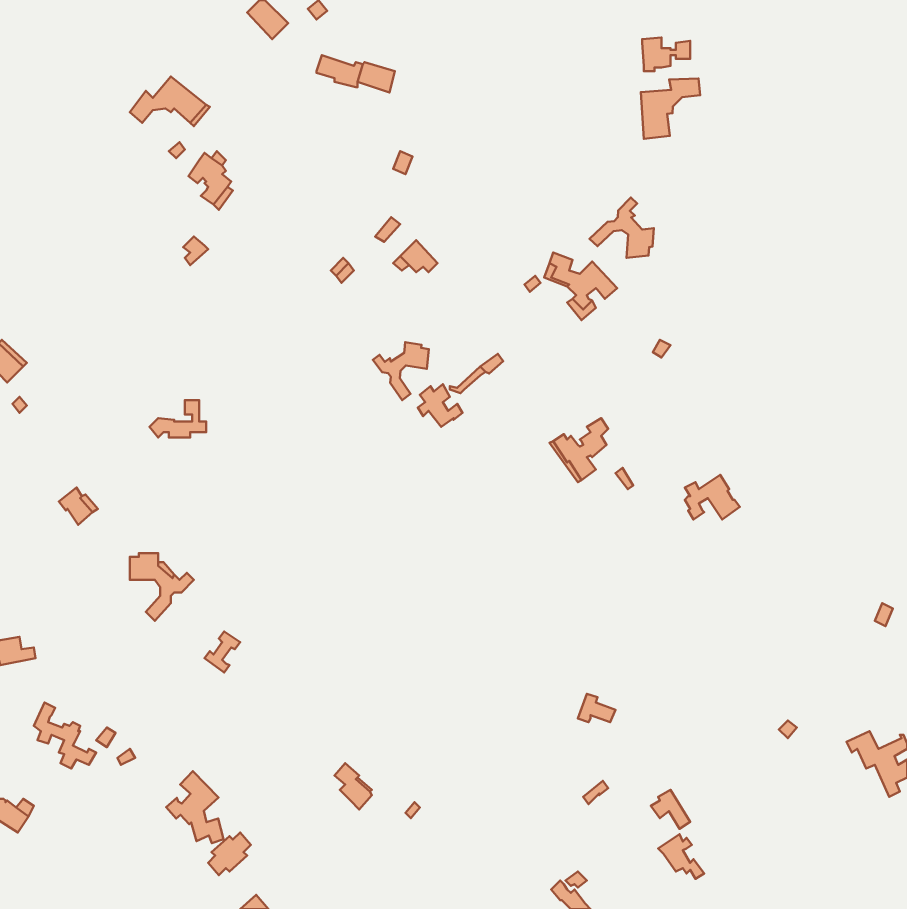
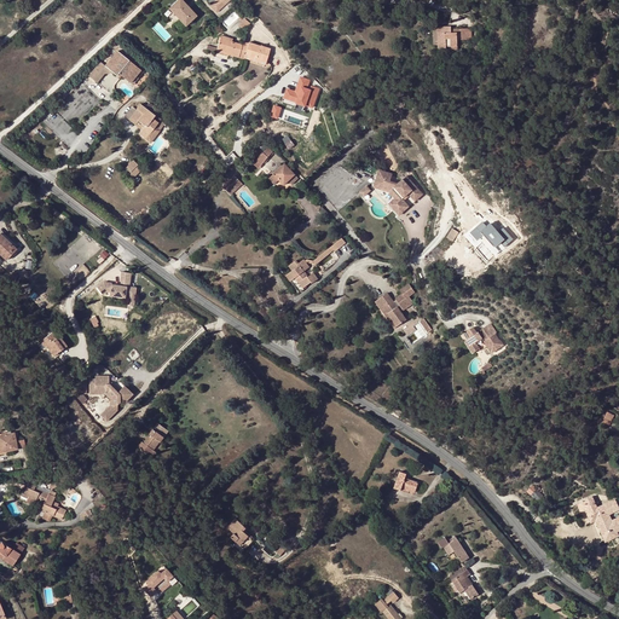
building: [641,79,700,139] -> none
building: none -> [282,76,318,108]
building: [589,197,654,258] -> none
building: none -> [463,221,511,251]
building: [373,342,429,400] -> none
building: [166,771,223,843] -> none

